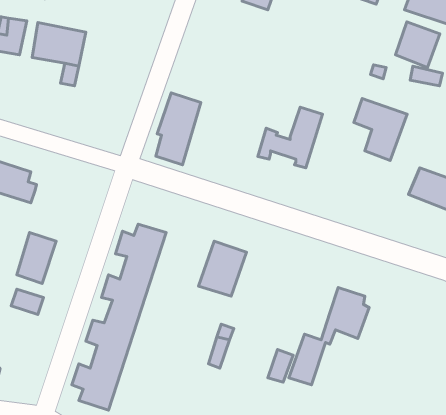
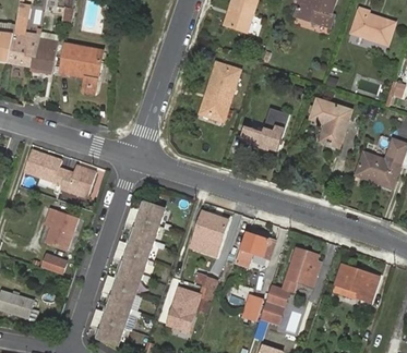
building: [395,22,440,68] -> none
building: [156,93,201,165] -> [201,64,236,120]
building: none -> [58,165,94,196]
building: none -> [235,230,275,267]
building: none -> [335,266,376,303]
building: none -> [166,285,200,330]

